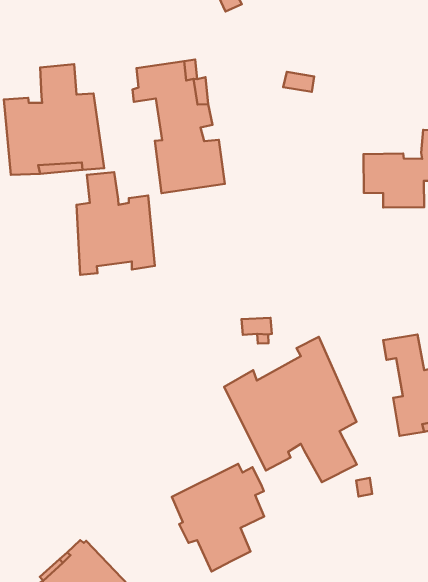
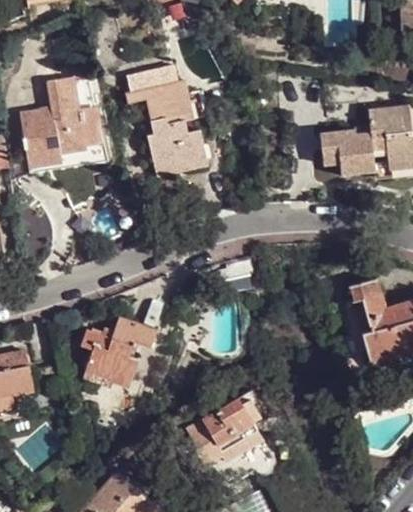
building: [76,172,155,275] -> none
building: [224,337,357,482] -> none
building: none -> [80,315,155,377]

